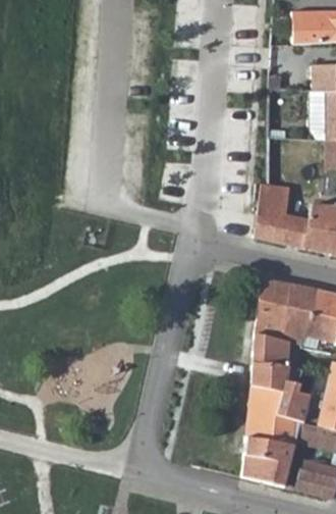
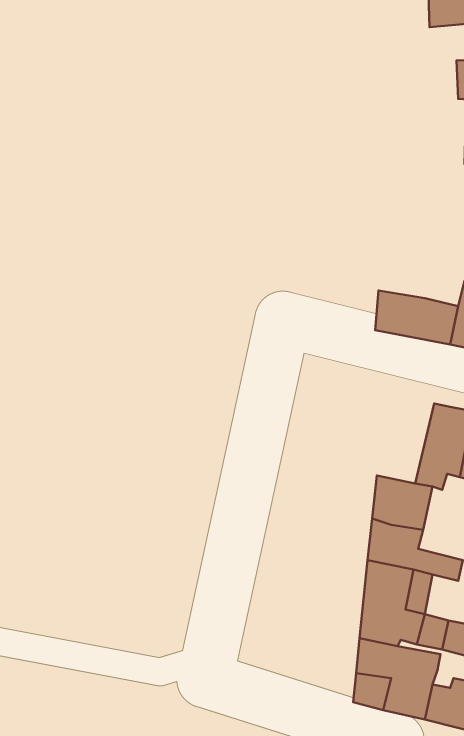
building: [258,187,290,218] -> none
building: [257,279,293,337] -> none

